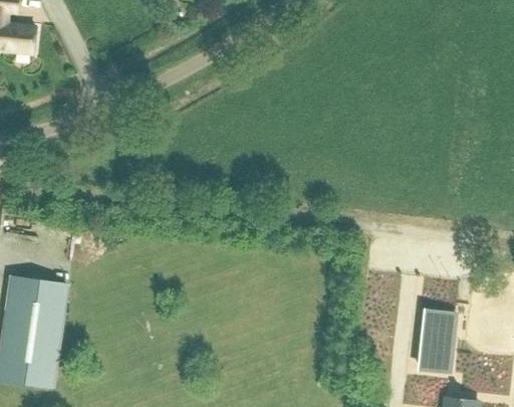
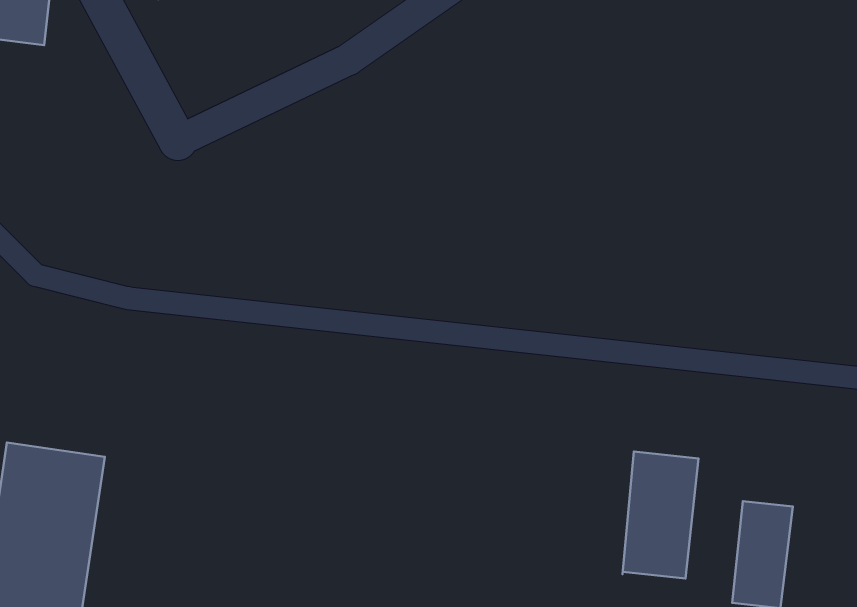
building: none -> [623,452,698,578]

